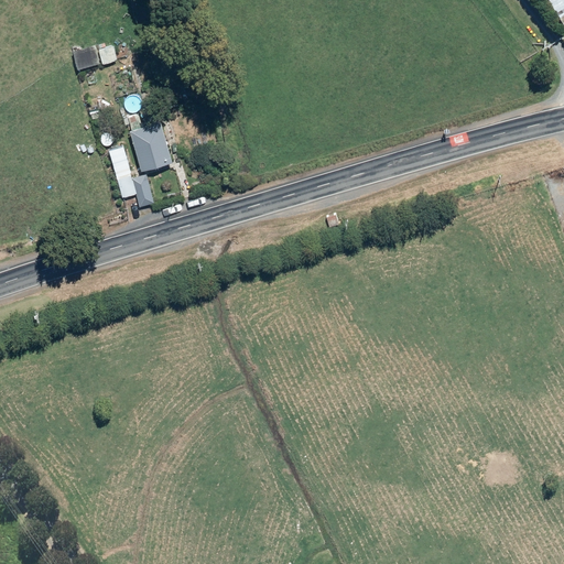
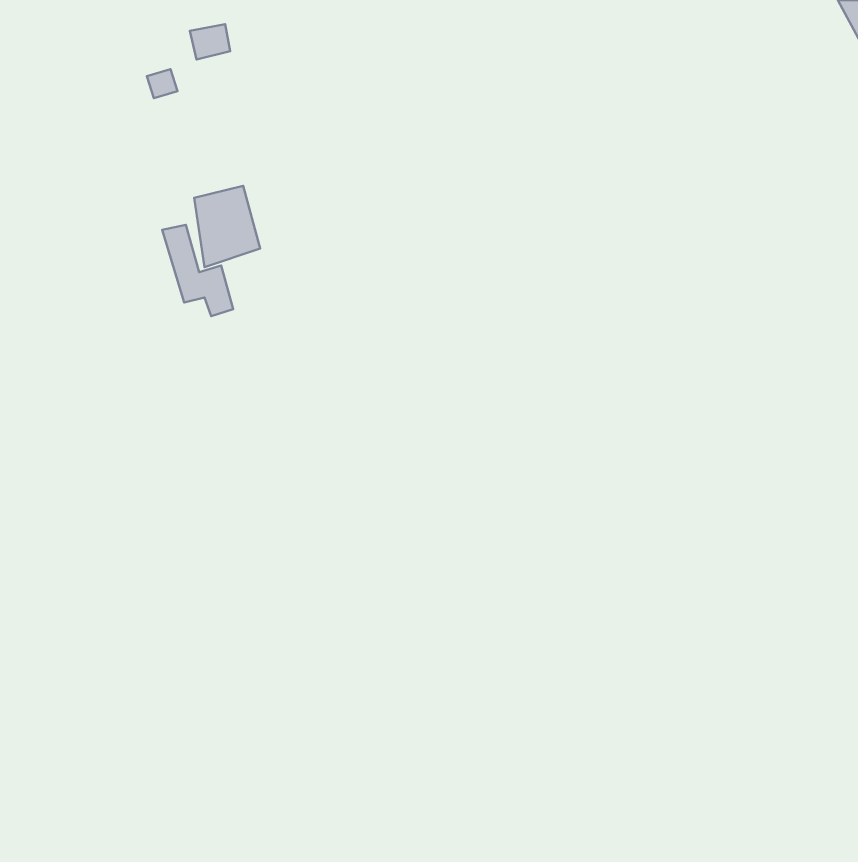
building: [73,46,99,69] -> [190,24,230,60]

